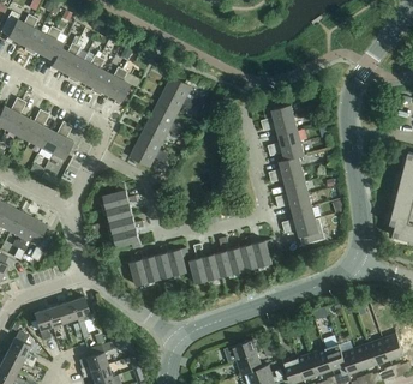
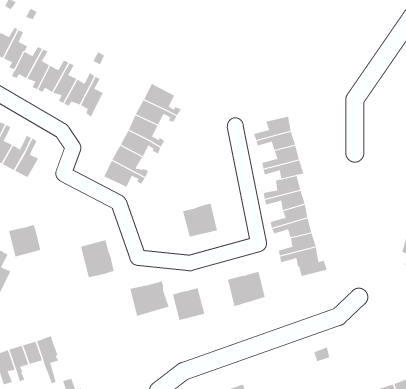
building: [103,190,132,218] -> [8,224,41,257]
building: [213,247,244,277] -> [182,203,218,237]
building: [130,256,158,286] -> none

